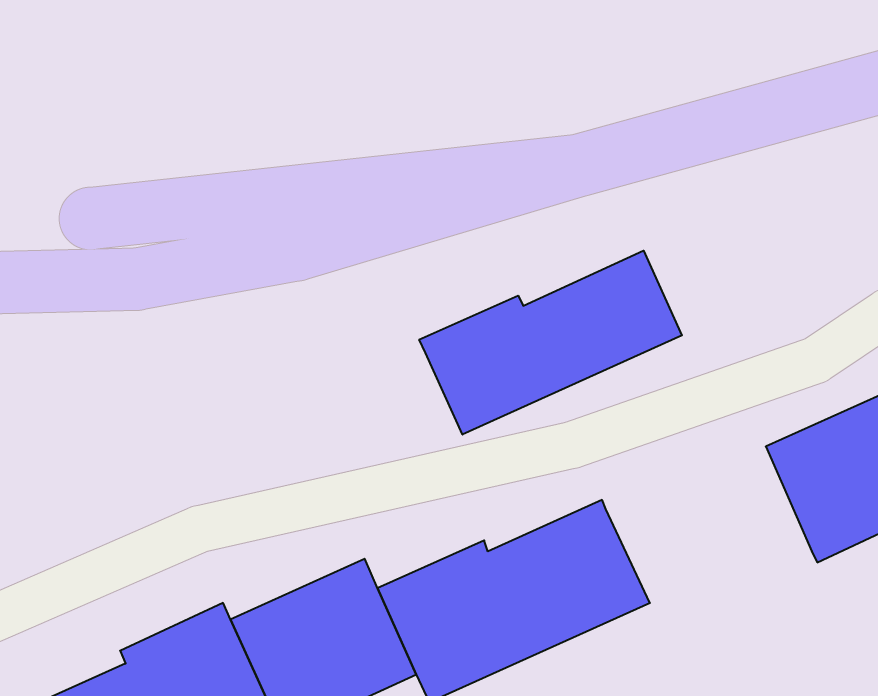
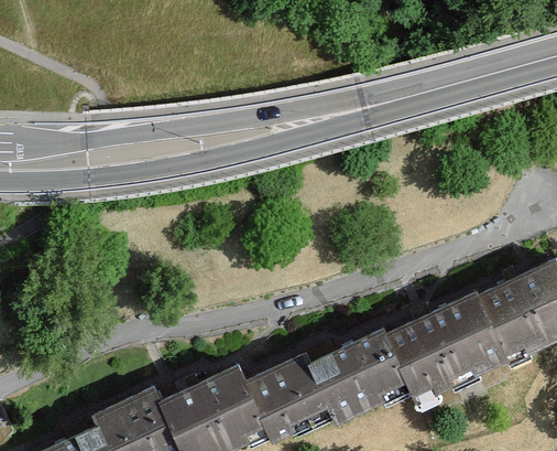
building: [419,251,682,435] -> none
building: none -> [384,290,507,399]

